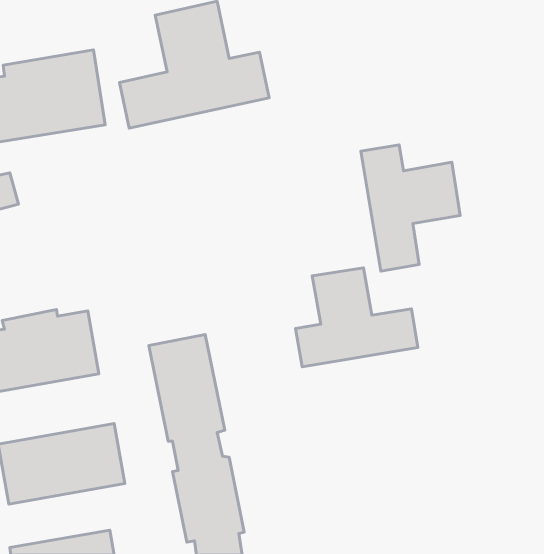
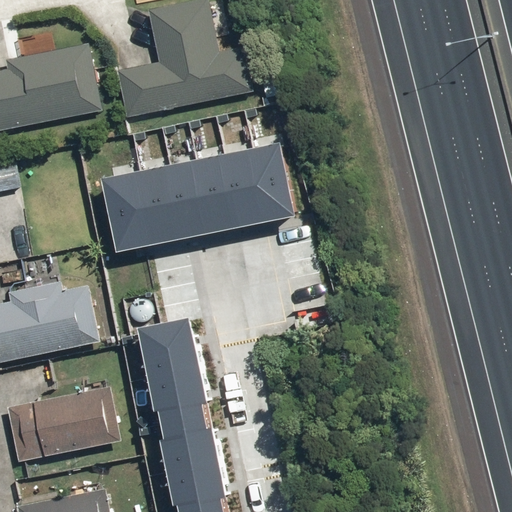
building: [361,145,460,271] -> none
building: none -> [102,138,294,247]
building: [296,268,418,367] -> none

